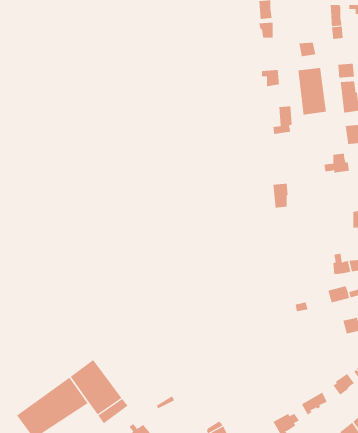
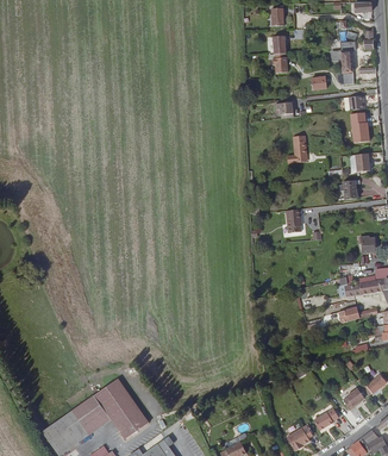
building: [298,67,326,116] -> none

